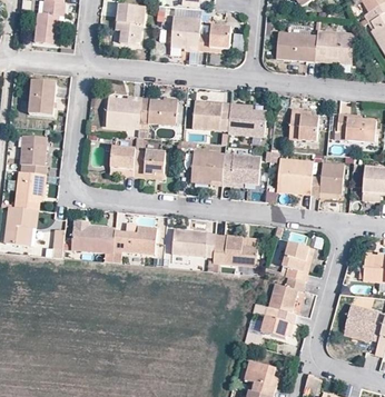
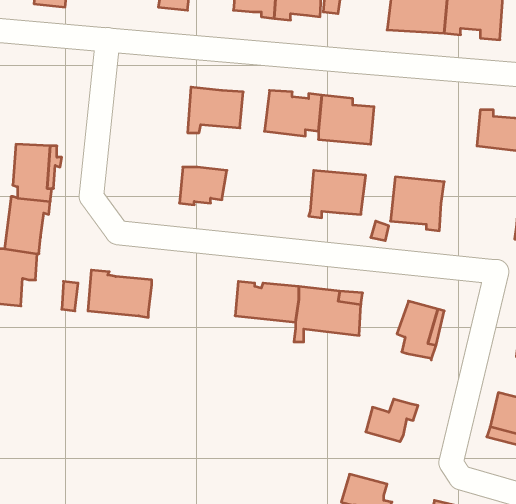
building: [28,79,55,115] -> none
building: [106,96,141,128] -> none
building: [288,108,318,140] -> none
building: [110,147,136,176] -> none
building: [190,150,225,183] -> none
building: [310,163,344,195] -> none
building: [112,227,157,255] -> none
building: [268,278,305,312] -> none

